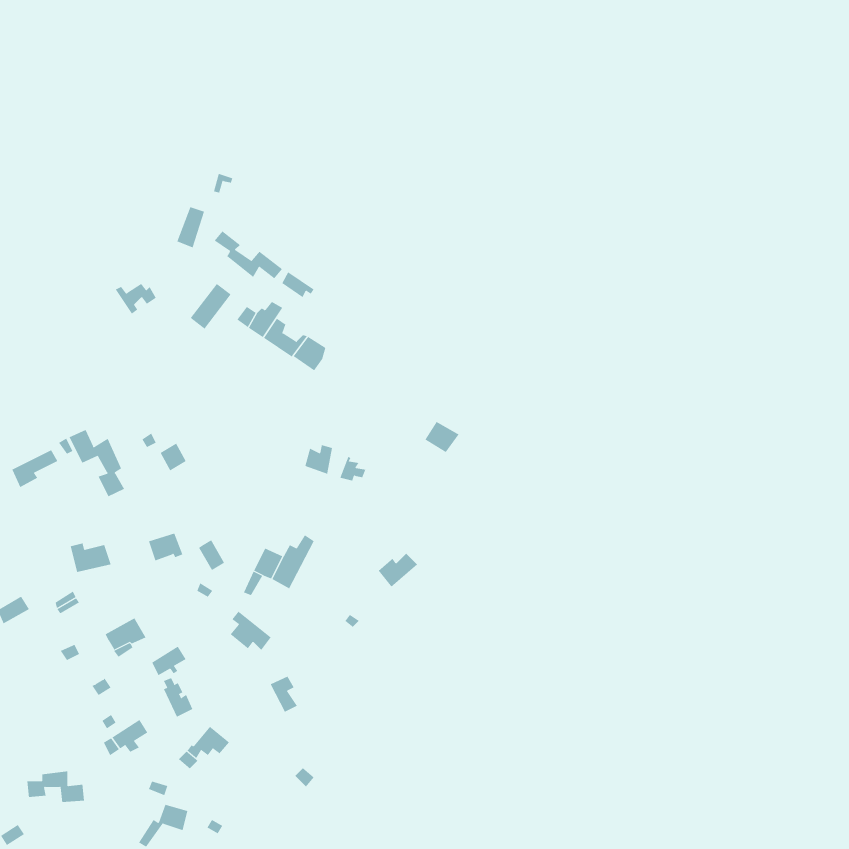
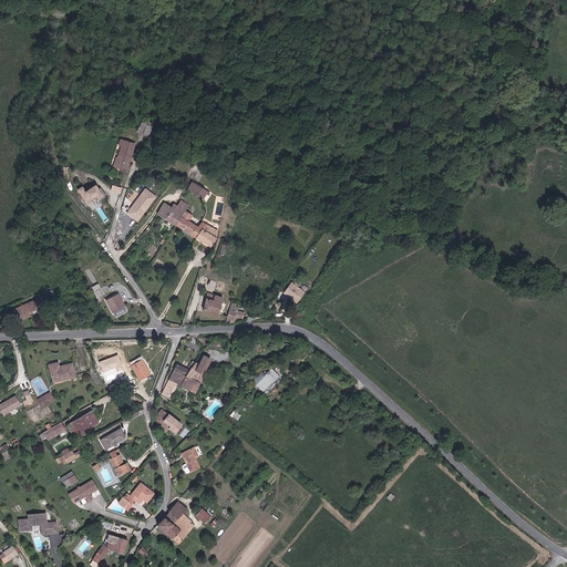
building: [214,230,283,279] -> none
building: [69,429,125,497] -> none
building: none -> [156,502,193,544]

